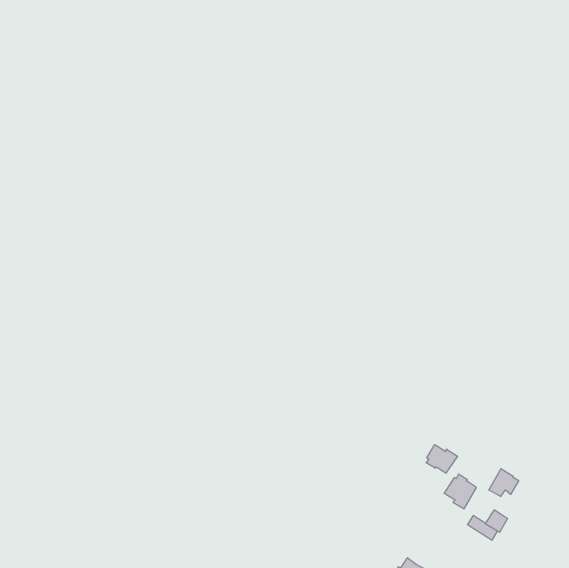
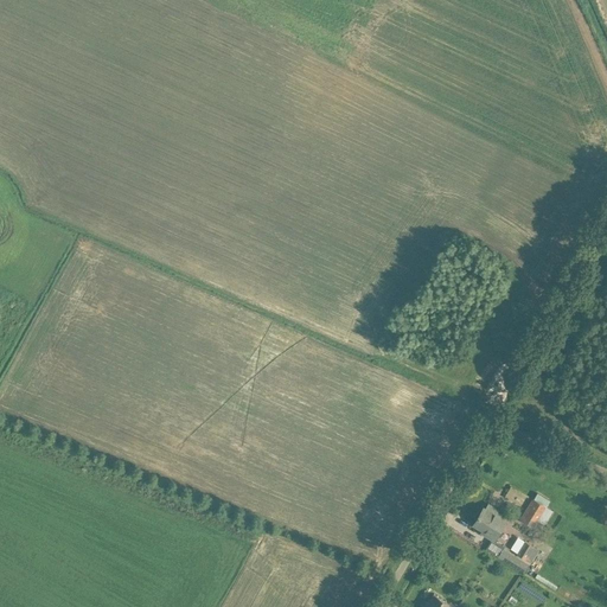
building: [426,445,457,473] -> none

